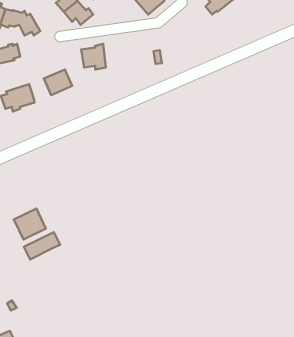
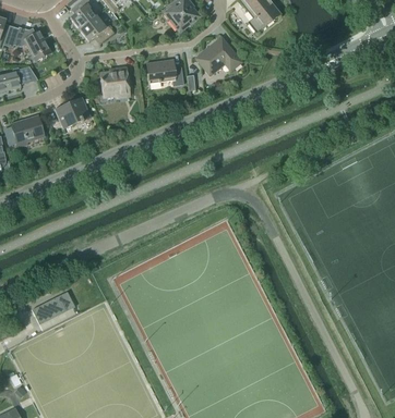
building: none -> [194,36,241,75]
building: none -> [146,60,182,85]
building: [14,209,46,239] -> none

